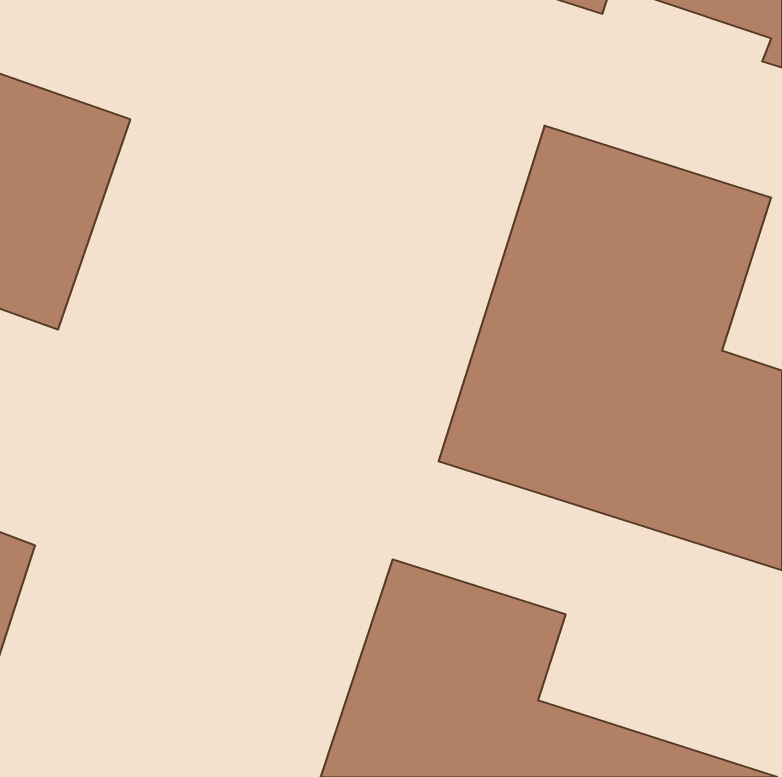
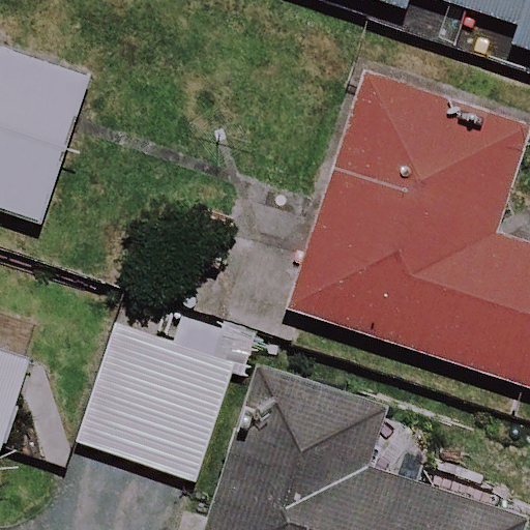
building: none -> [78,322,235,482]

